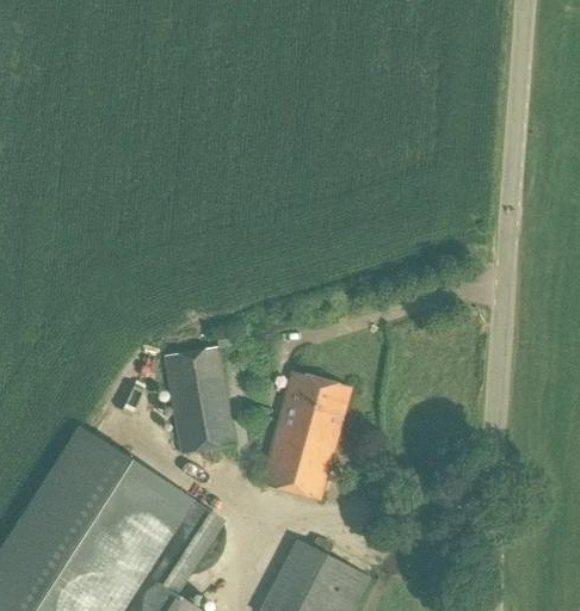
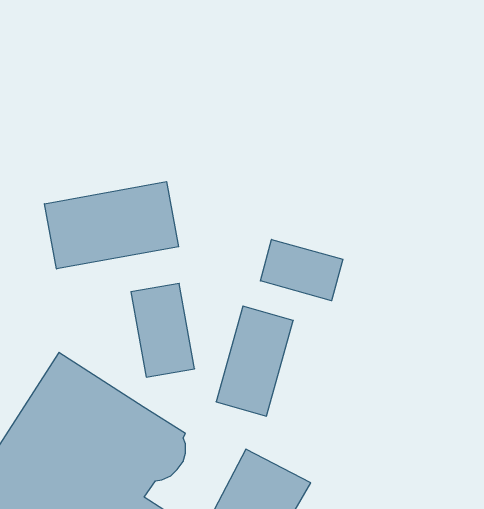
building: none -> [44,182,179,269]
building: none -> [260,239,343,301]

